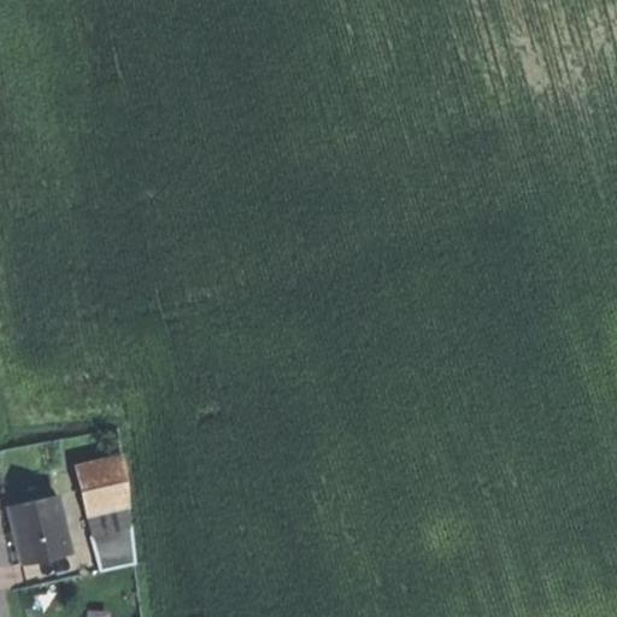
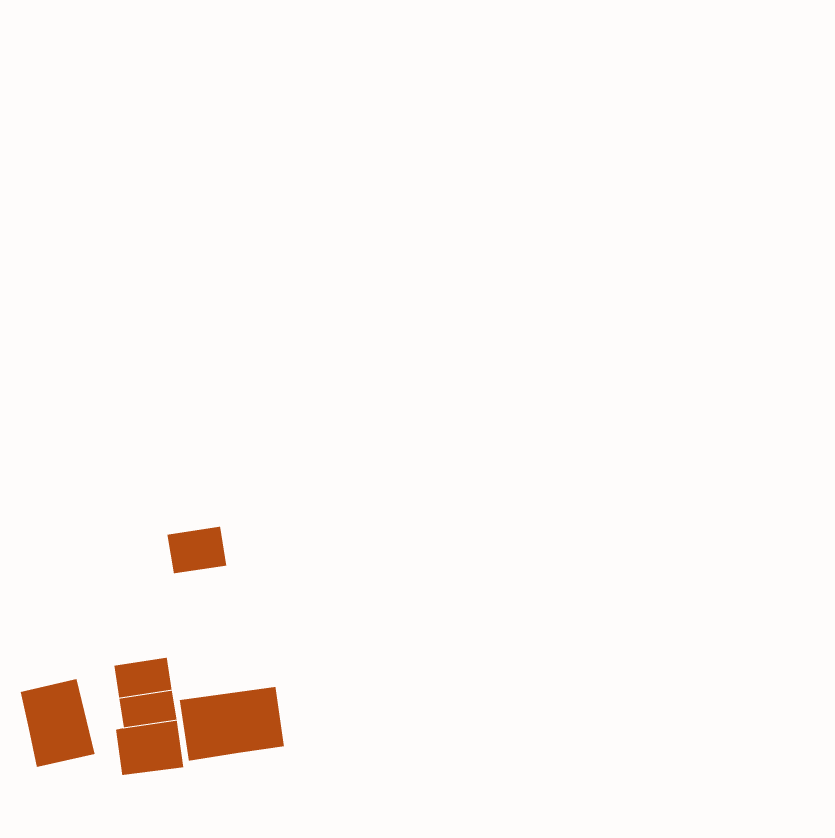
building: [78,453,123,488] -> [166,526,227,574]
building: none -> [179,686,284,762]

